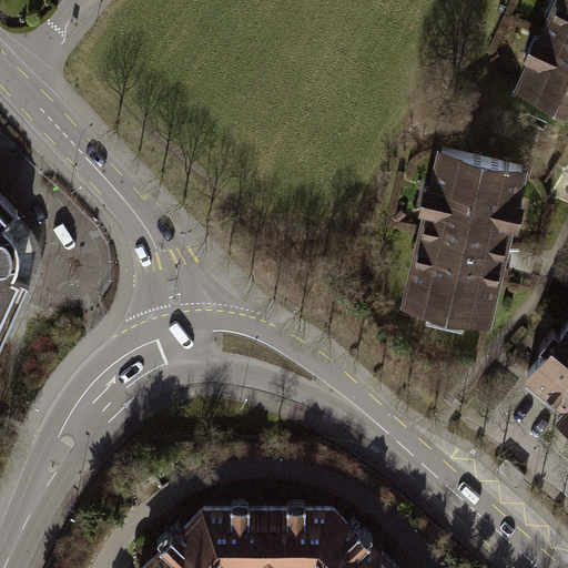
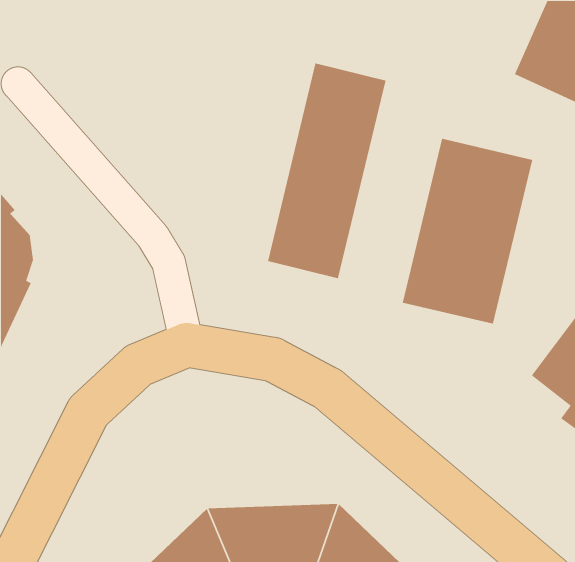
building: none -> [267,62,386,279]

